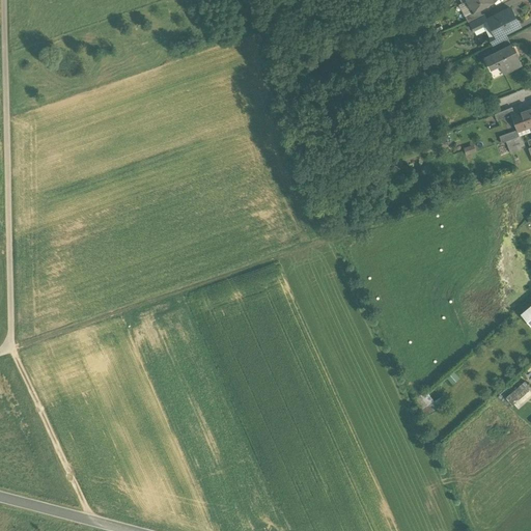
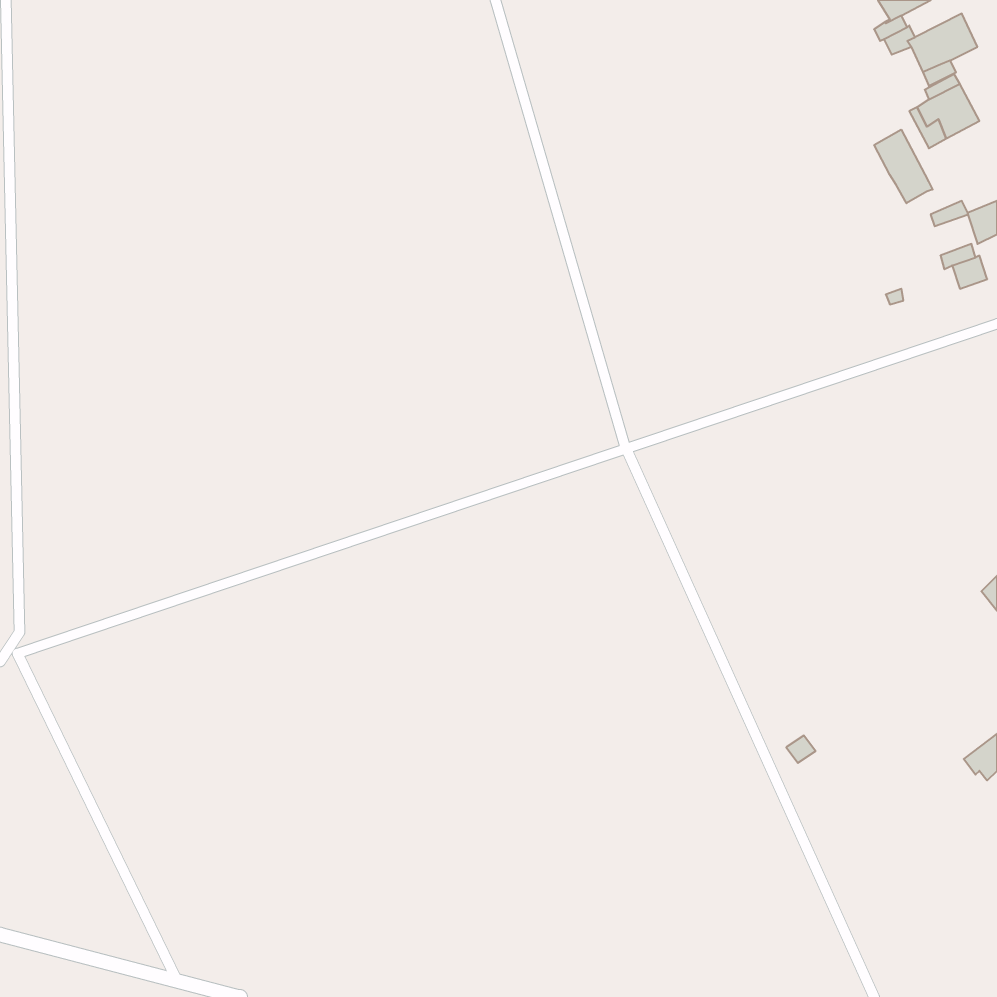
building: none -> [874,130,933,203]

